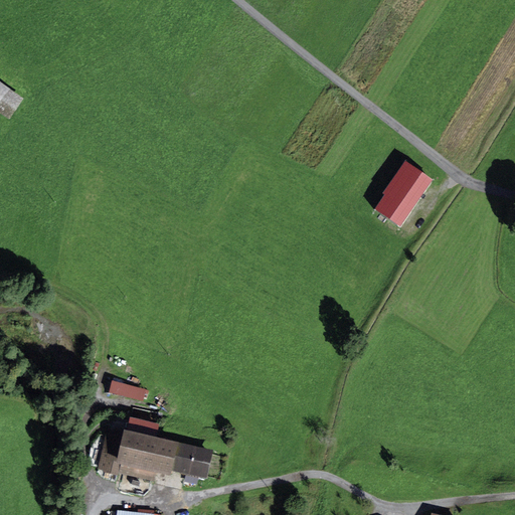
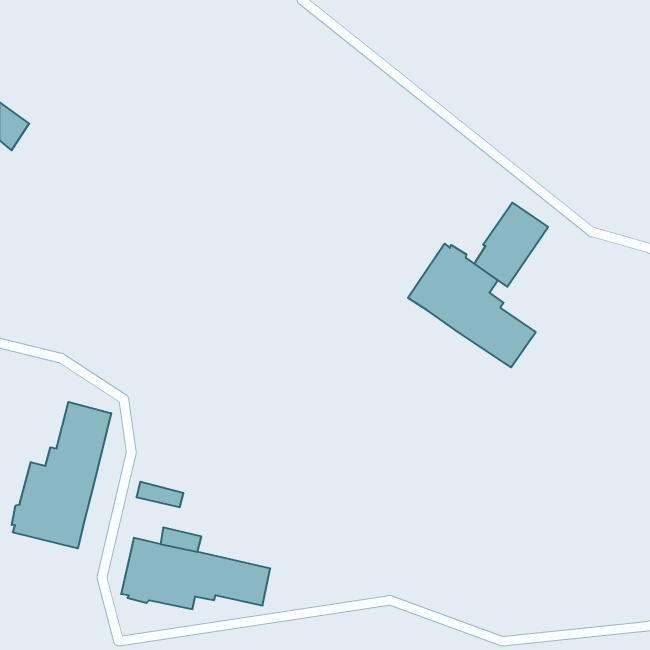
building: none -> [408,244,536,367]
building: none -> [12,402,111,548]

